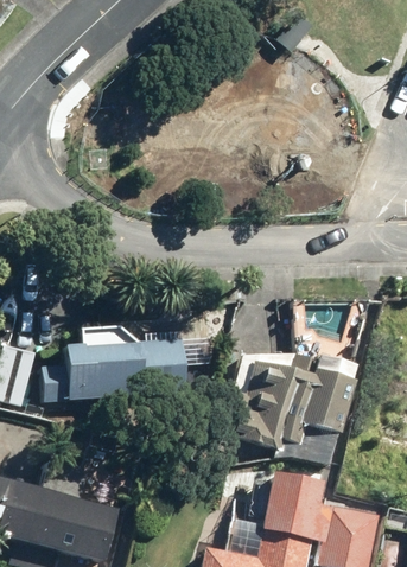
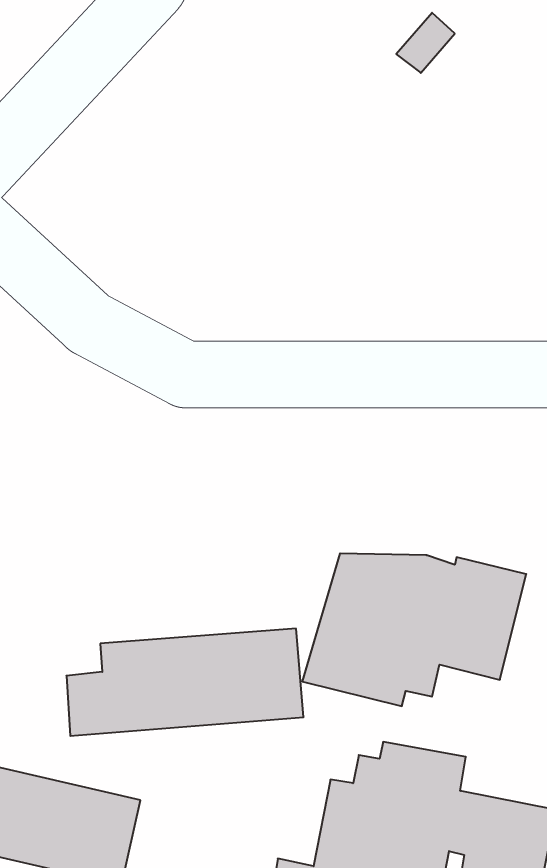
building: [43,336,192,403] -> [66,629,304,736]

